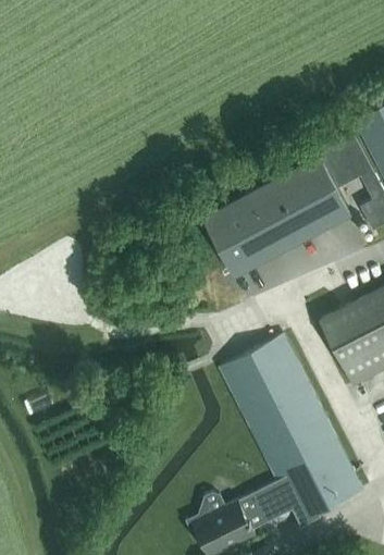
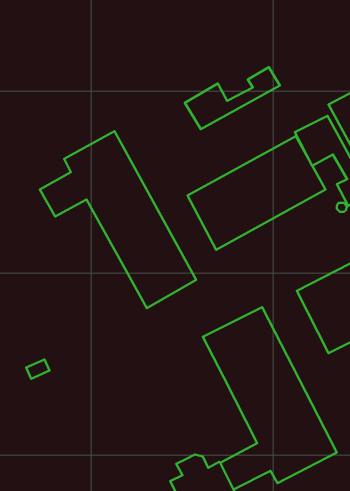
building: none -> [185,67,280,129]
building: none -> [40,131,196,308]

